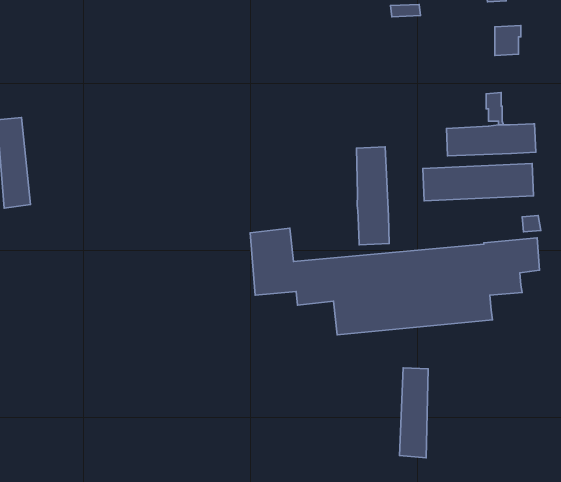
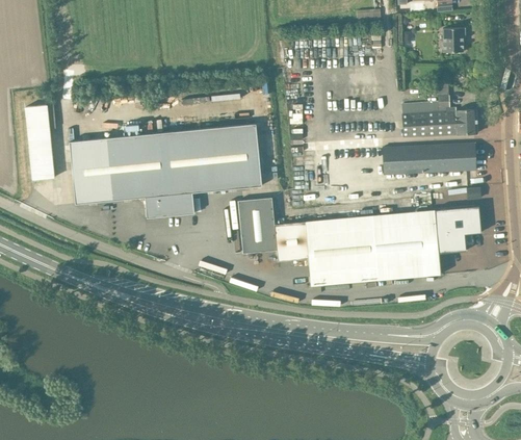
building: none -> [69,124,261,217]
building: [356,147,389,245] -> none
building: [399,368,428,458] -> none

